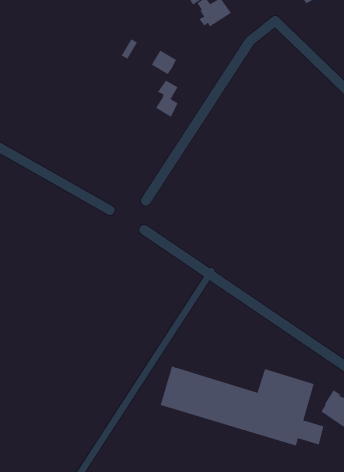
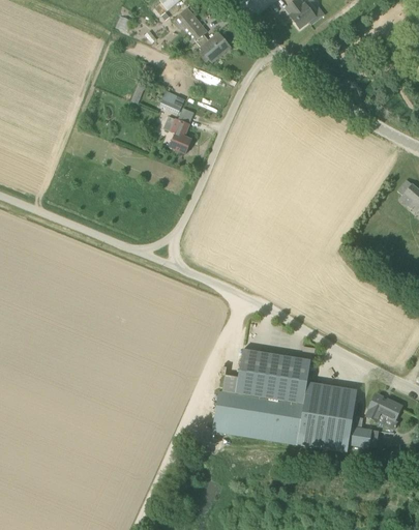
building: none -> [222,349,310,405]

